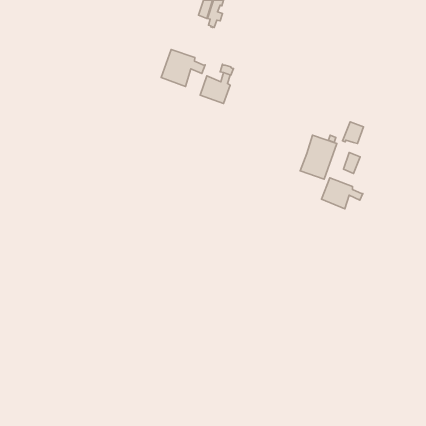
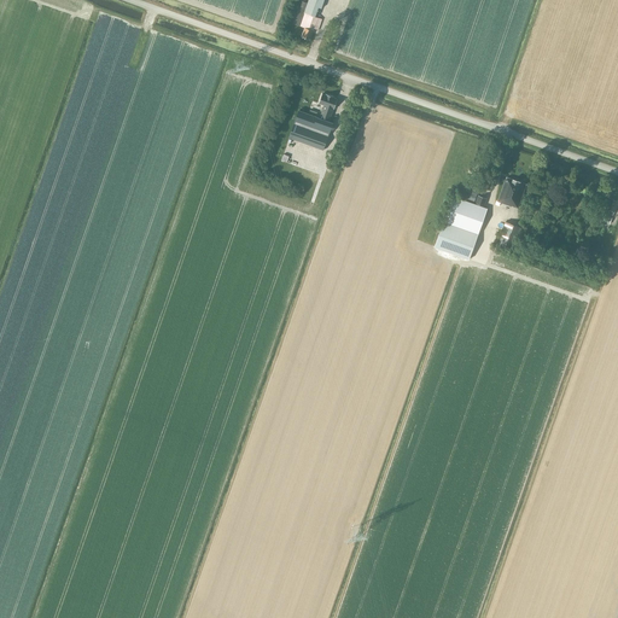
building: [161,49,205,86] -> none
building: [321,178,363,209] -> none

